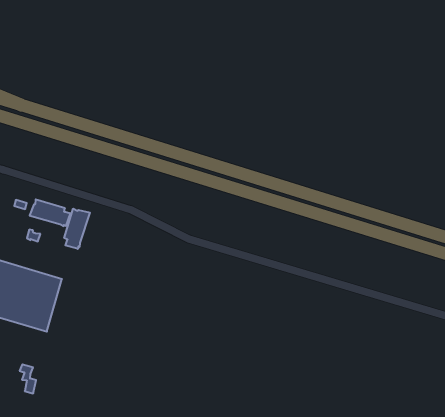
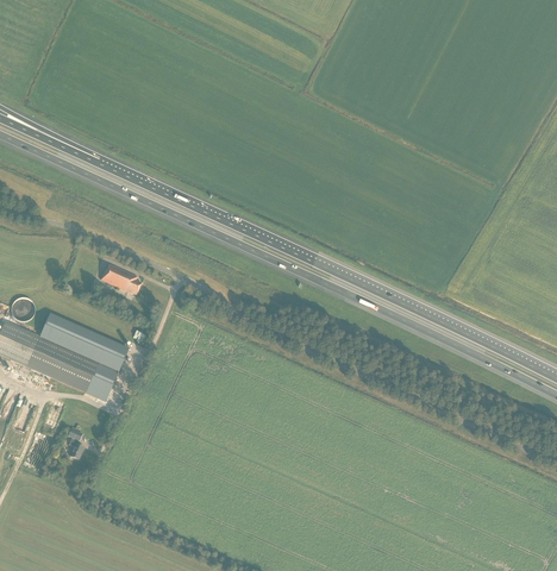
building: [64,209,90,249] -> none

